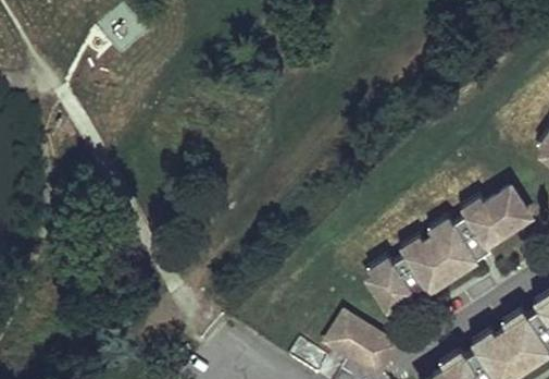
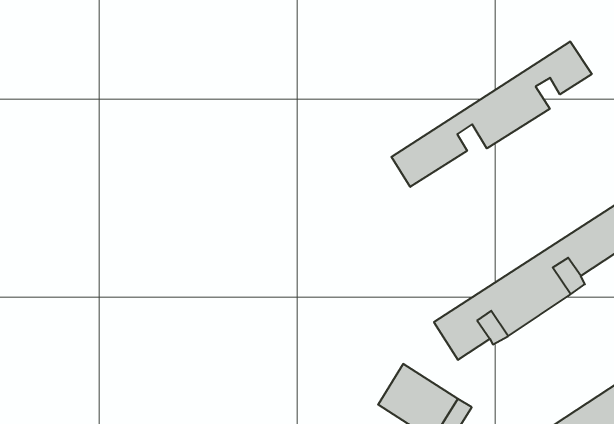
building: none -> [391,41,592,187]

